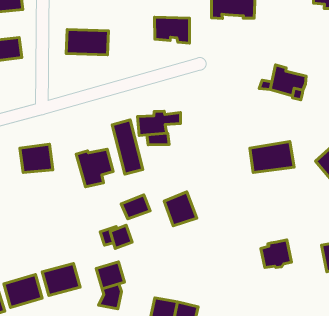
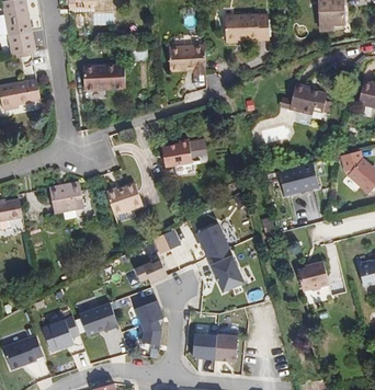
building: [112,120,143,174] -> none
building: none -> [209,254,243,291]

